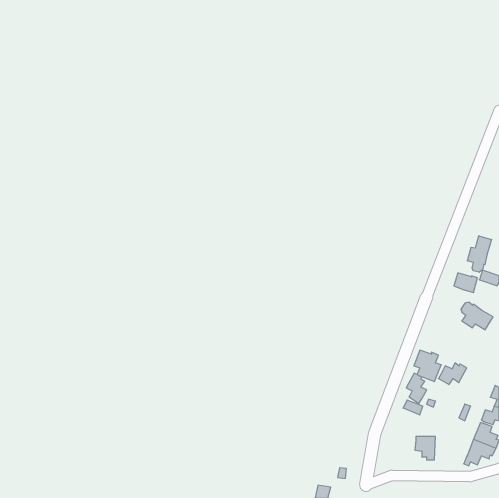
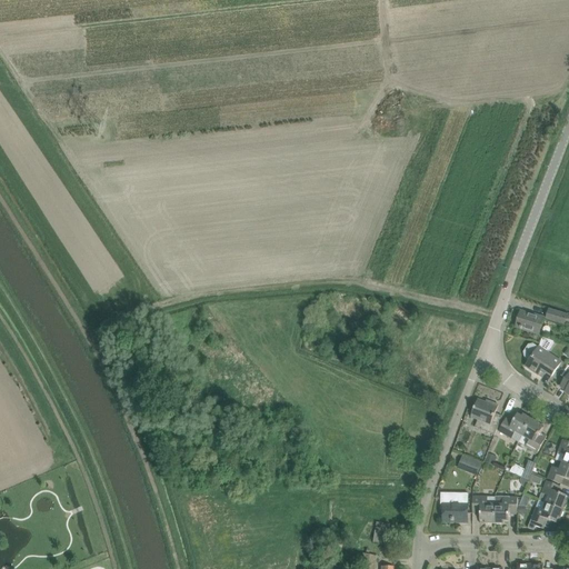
building: [467,236,492,272] -> none
building: [406,373,427,404] -> [521,418,545,452]
building: none -> [439,491,467,521]
building: none -> [493,496,517,522]

